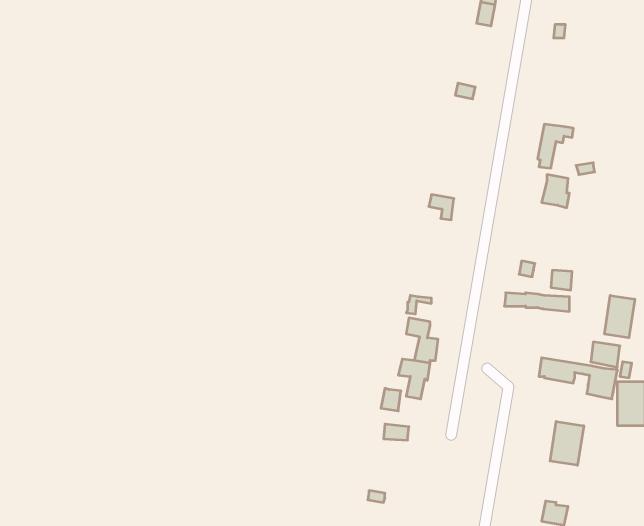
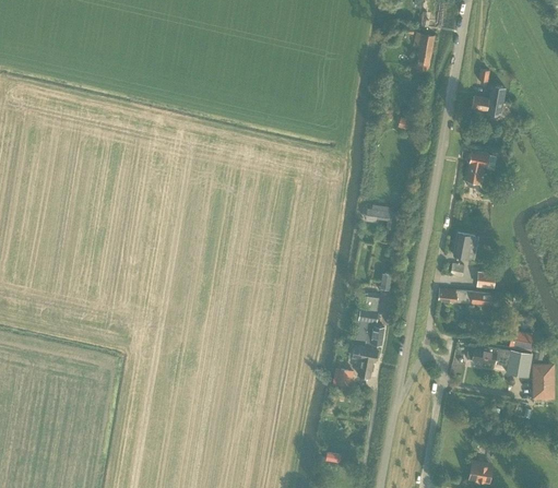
building: none -> [471,85,504,115]
building: [542,175,569,208] -> [452,233,475,260]
building: [605,295,635,338] -> none
building: [550,421,584,465] -> none

